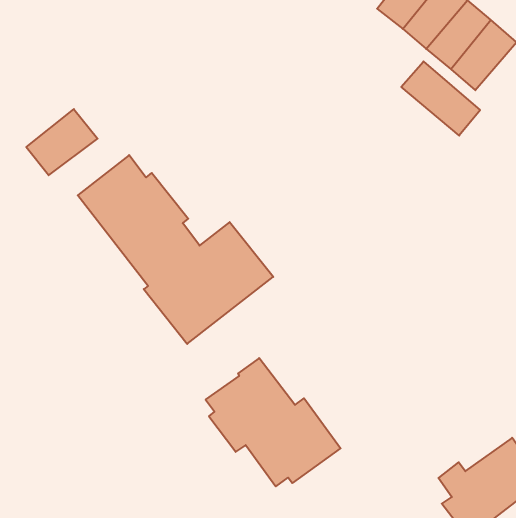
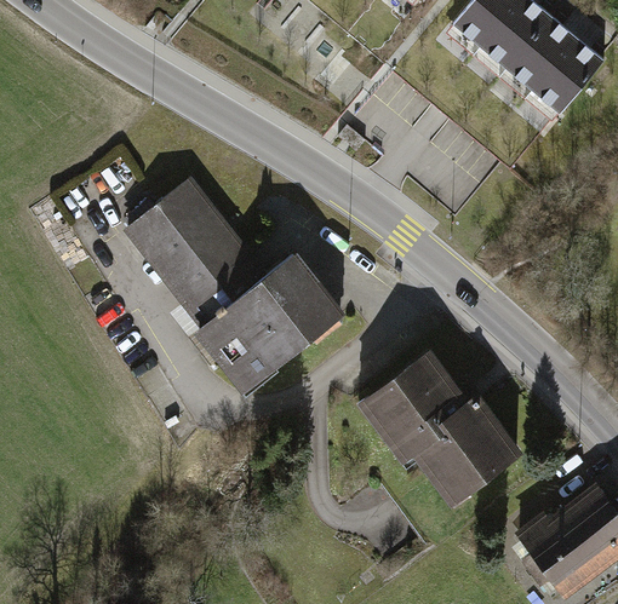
building: [401,61,480,136] -> none
building: [26,109,98,175] -> none
building: [206,358,341,486] -> [368,355,515,494]

